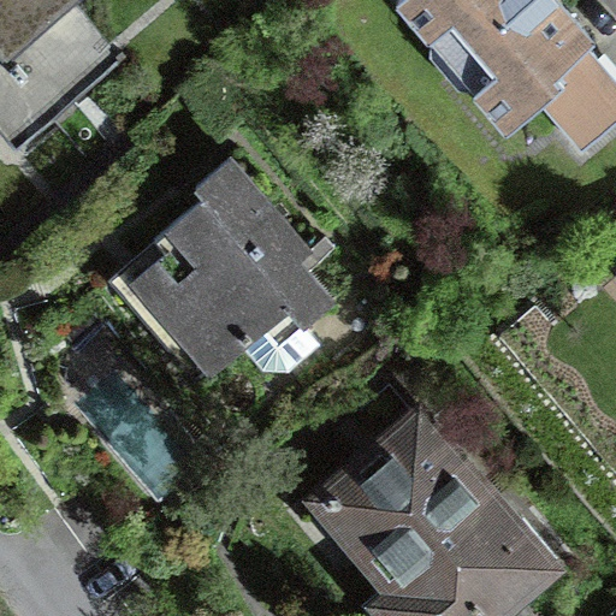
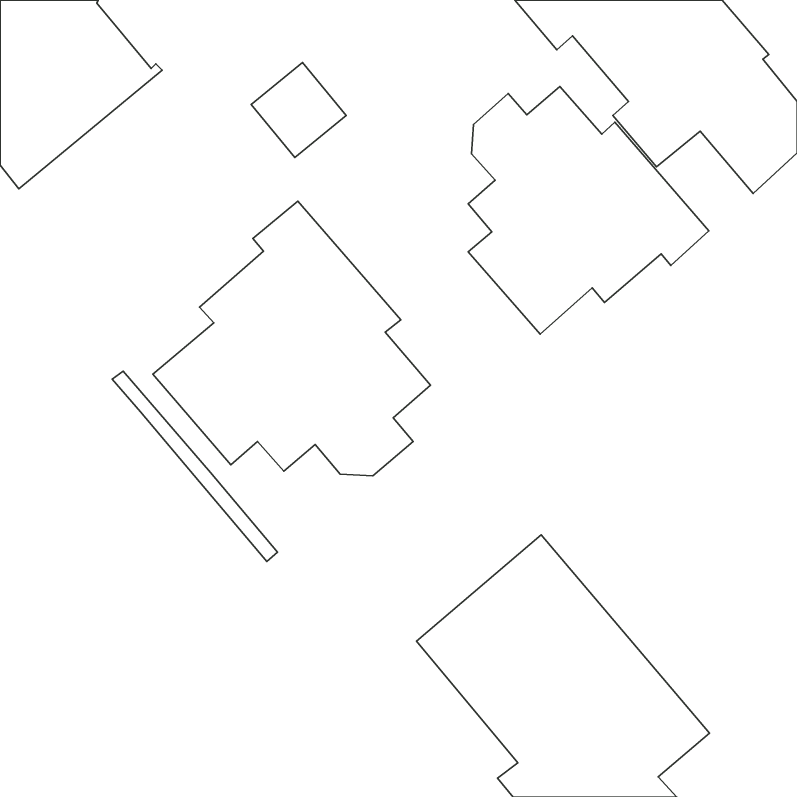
building: none -> [468,87,709,334]

